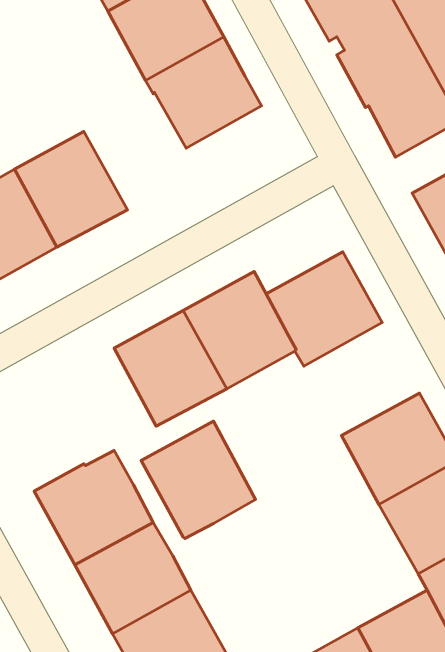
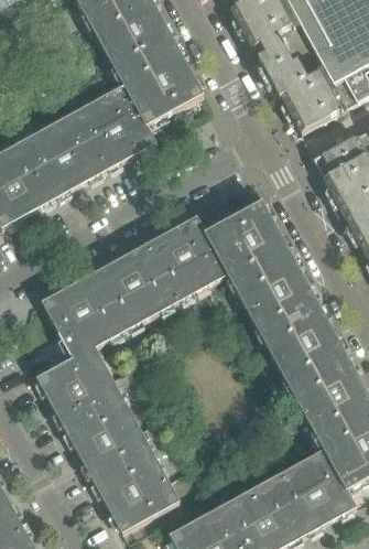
building: none -> [73,84,156,170]
building: none -> [234,252,318,335]
building: [141,421,256,539] -> [42,271,126,357]

